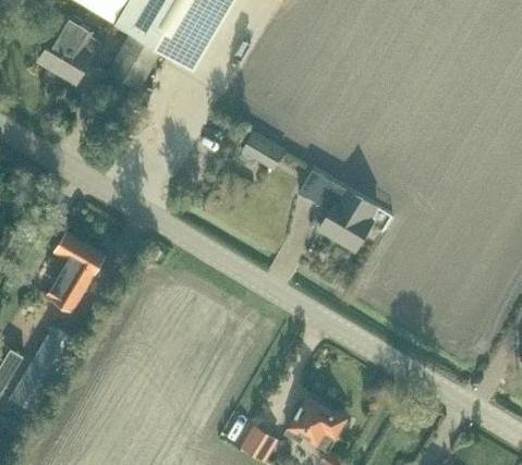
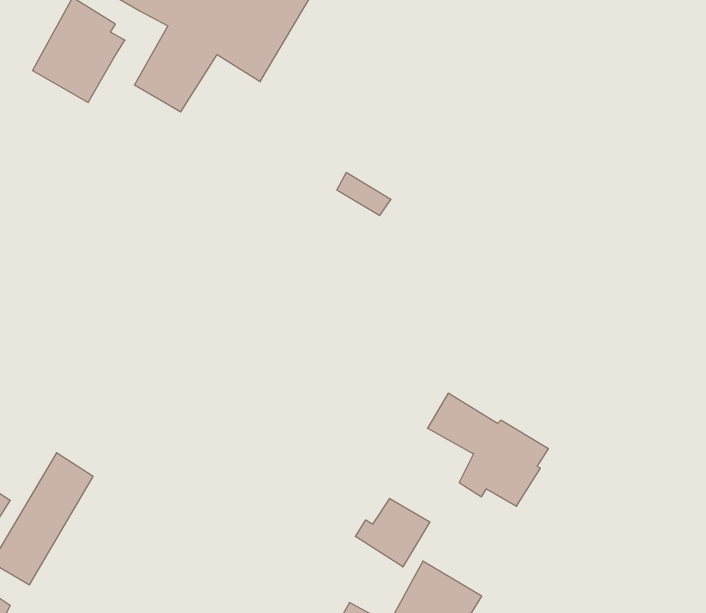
building: [296,169,379,246] -> [427,393,548,506]
building: [46,232,106,310] -> none
building: none -> [355,498,430,567]

